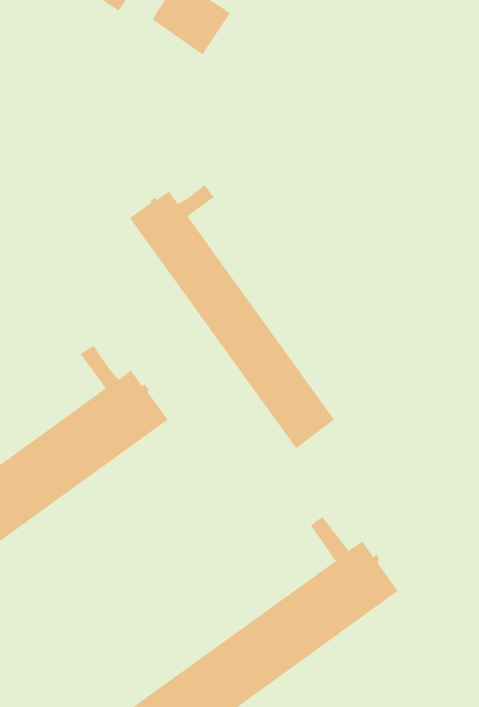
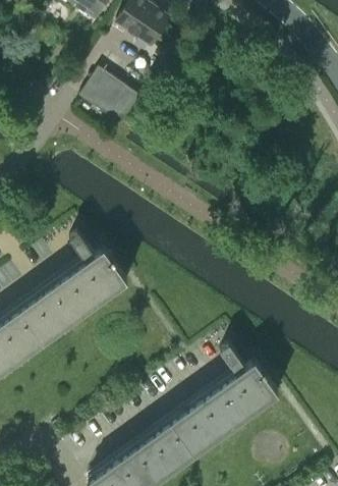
building: none -> [79,69,139,124]
building: [129,184,335,449] -> none

